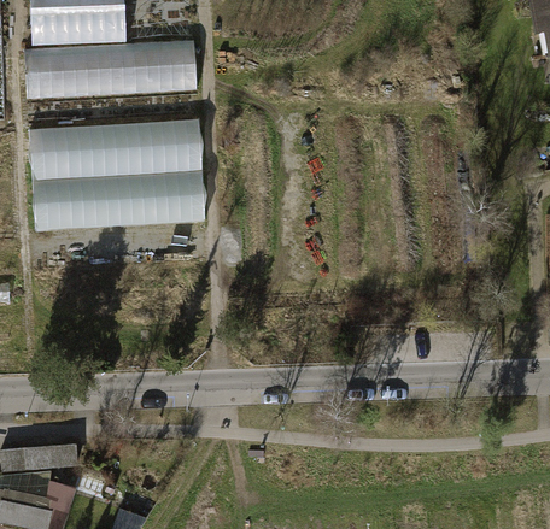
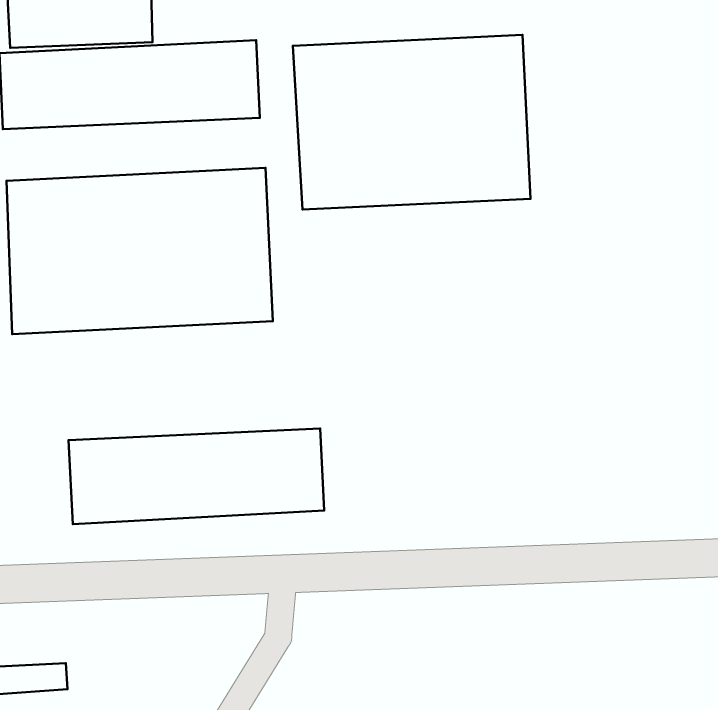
building: none -> [293,35,531,210]
building: none -> [69,428,324,524]

